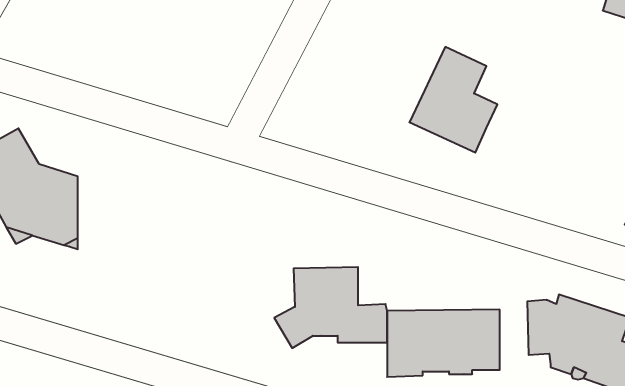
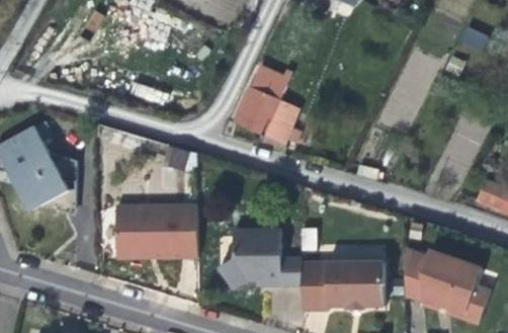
building: [409,47,497,153] -> [234,65,299,143]
building: none -> [114,206,196,257]

